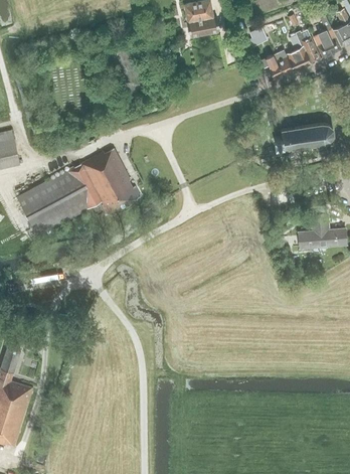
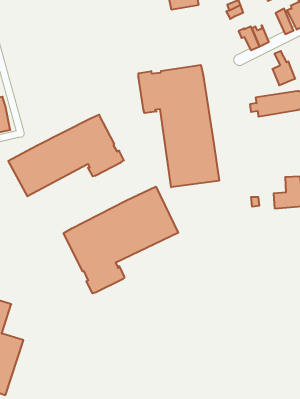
building: [287,34,311,70] -> [272,51,295,85]
building: none -> [138,65,219,187]
building: none -> [64,187,178,293]

